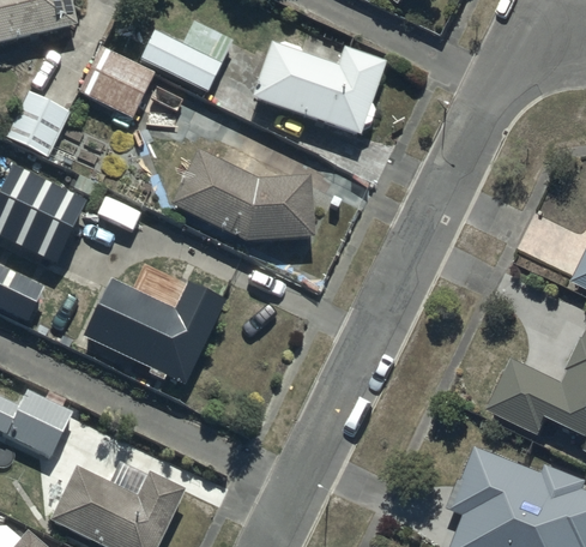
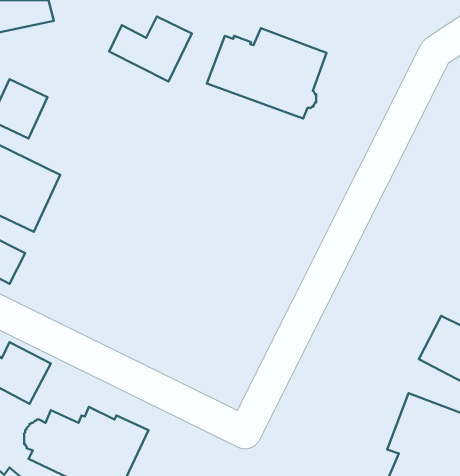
building: [78,47,155,119] -> none
building: [170,150,313,241] -> none
building: [81,277,224,386] -> none

